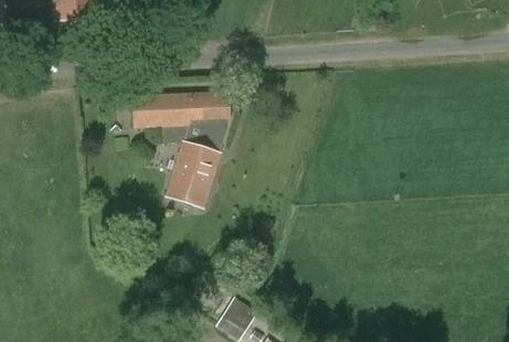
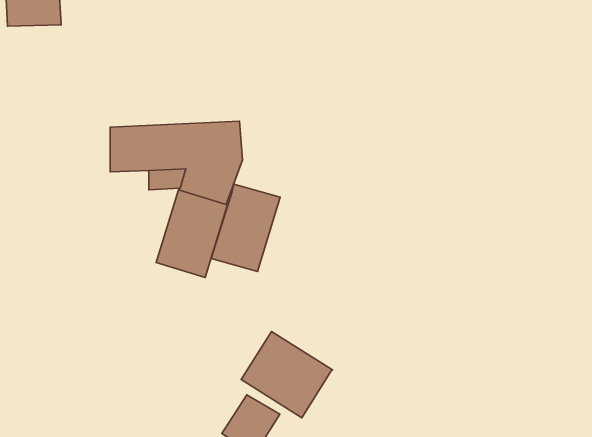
building: none -> [211,184,280,272]
building: none -> [241,332,332,418]

